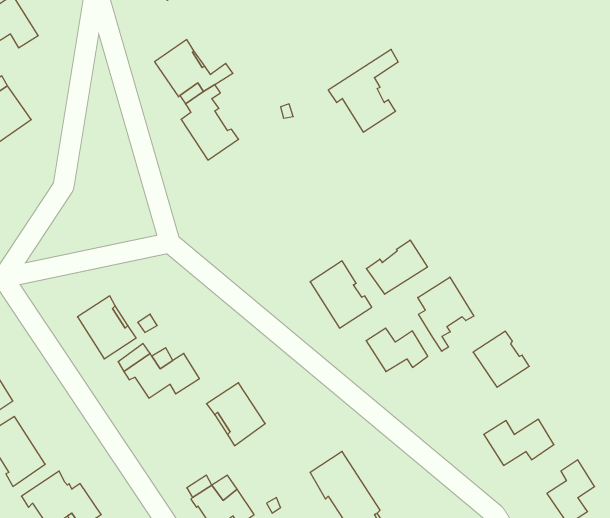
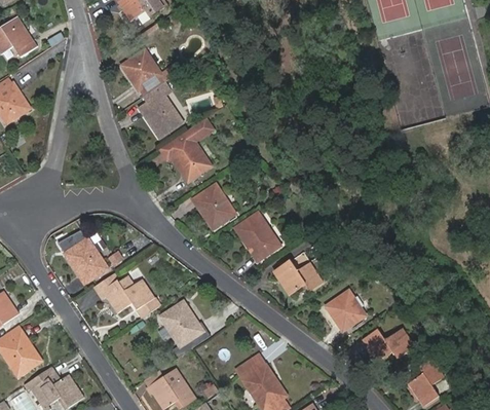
building: [328,49,398,132] -> [161,120,213,181]
building: none -> [192,183,236,229]
building: [366,240,427,294] -> none
building: [418,277,474,351] -> none
building: [473,331,529,387] -> [325,290,366,331]

